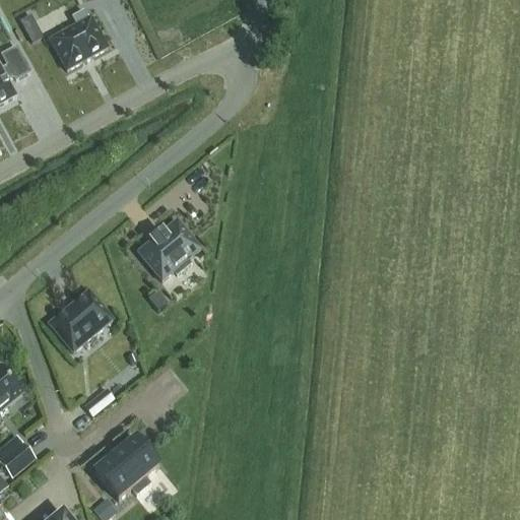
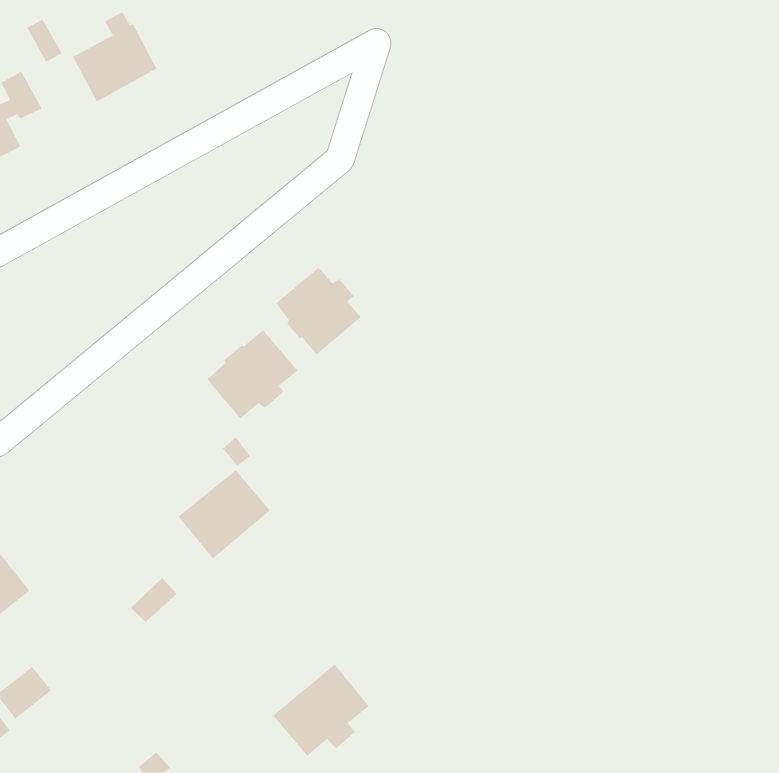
building: none -> [275,266,362,356]
building: [48,290,110,350] -> [178,469,271,559]
building: [92,436,157,498] -> [272,663,370,757]

